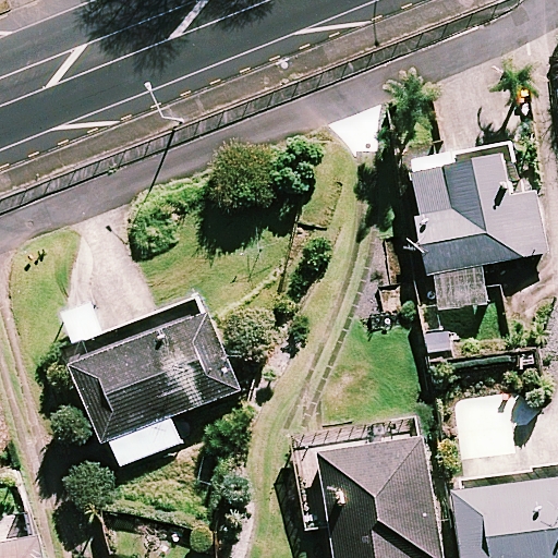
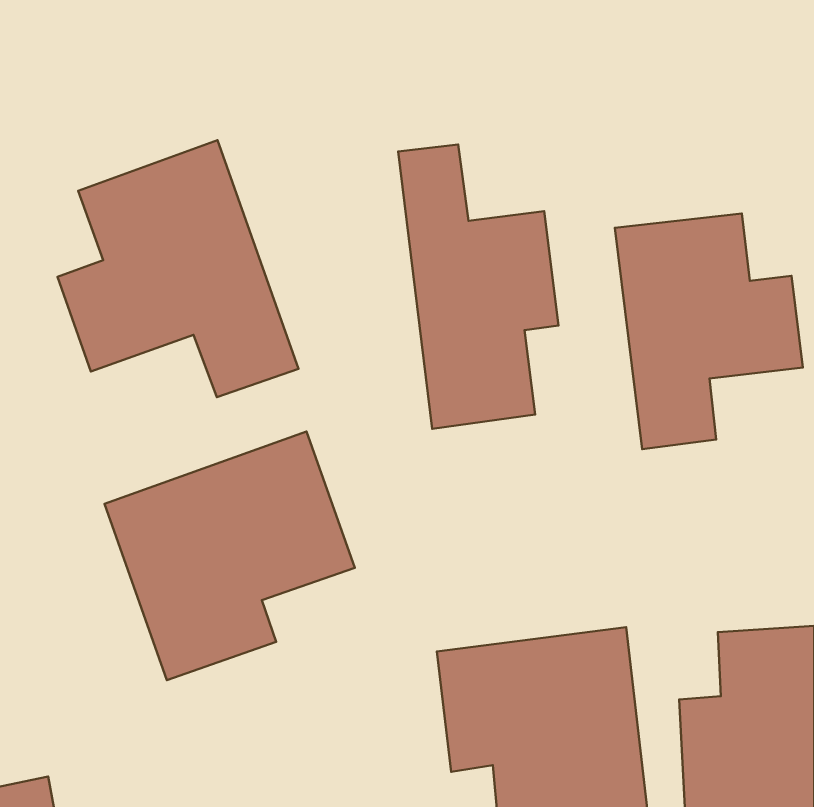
building: none -> [57,140,299,397]
building: none -> [398,145,558,429]

